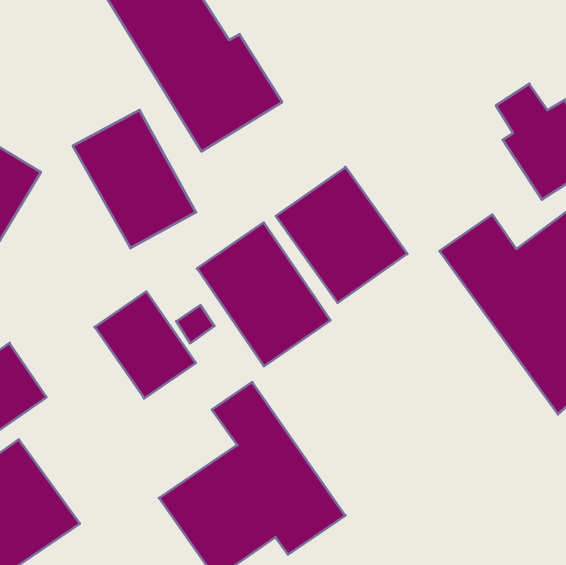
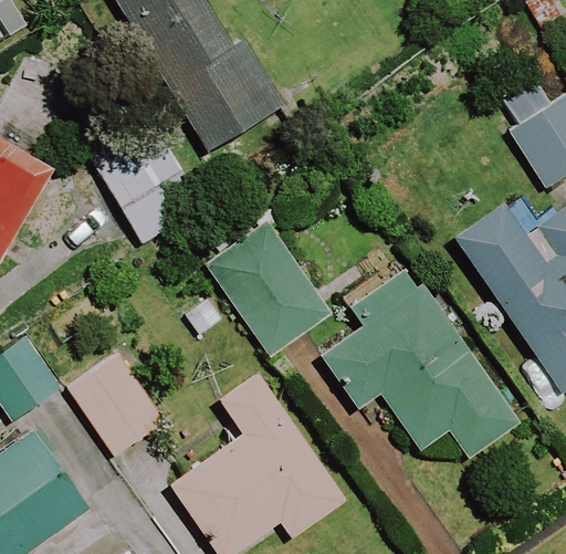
building: [276,167,407,303] -> none
building: none -> [319,281,522,458]
building: [95,292,196,398] -> [66,352,164,454]

